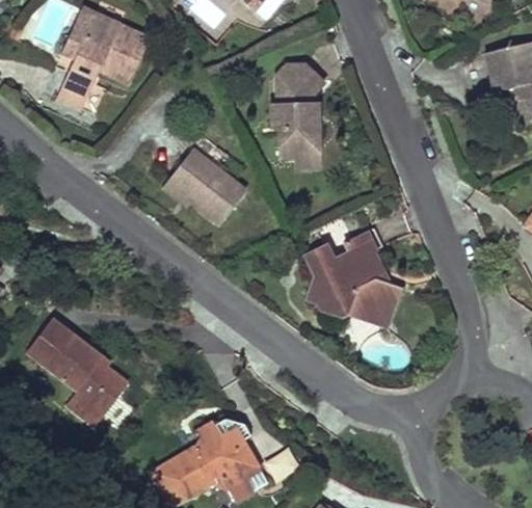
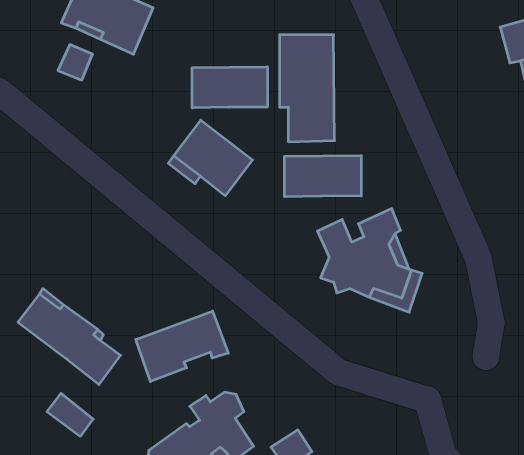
building: none -> [192,67,267,108]
building: none -> [285,156,361,197]
building: none -> [136,311,228,382]
building: [54,378,99,420] -> [47,393,93,436]

